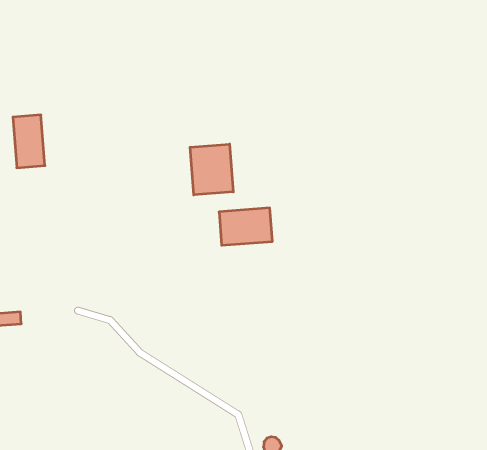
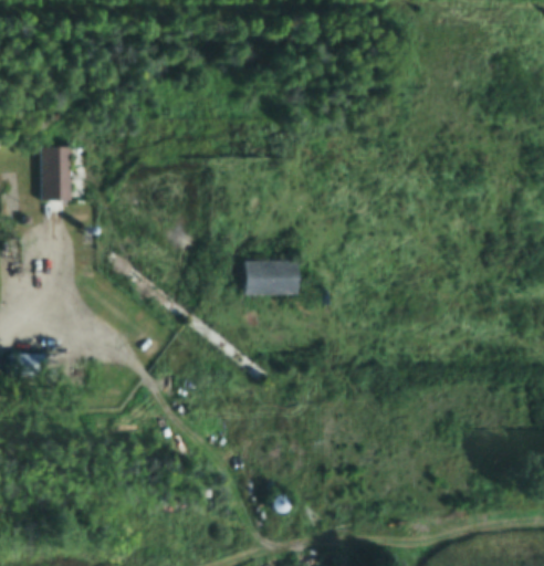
building: [190,144,233,195] -> none

